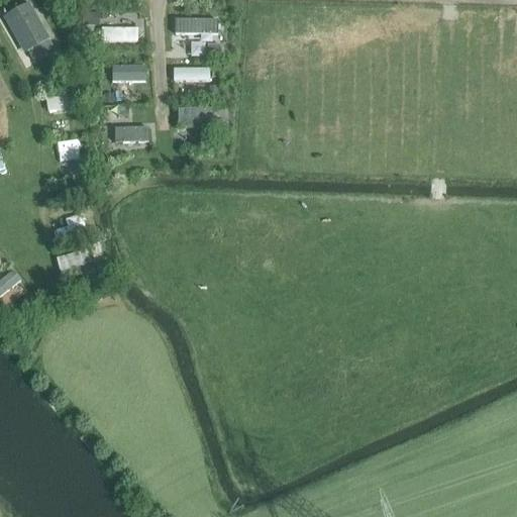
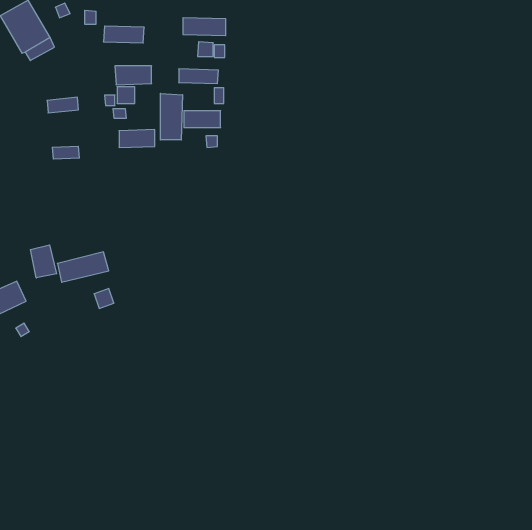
building: none -> [160,93,183,140]
building: none -> [30,245,57,278]

